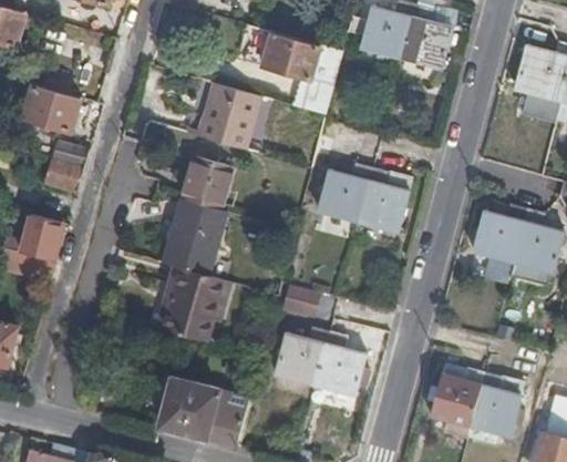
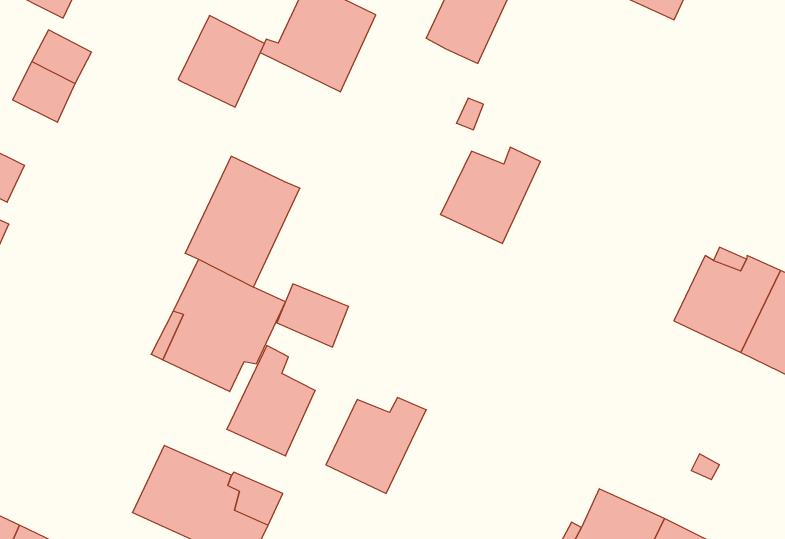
building: [181,156,229,209] -> [178,16,264,107]
building: [358,170,409,234] -> none
building: [285,285,327,319] -> [277,284,349,347]
building: [313,333,363,399] -> [227,346,315,456]

